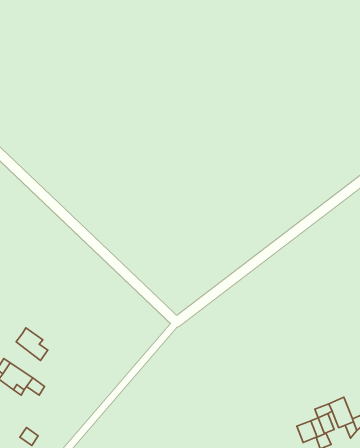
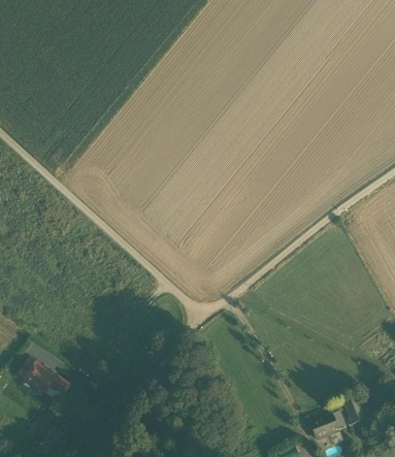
building: [16,328,48,360] -> none

